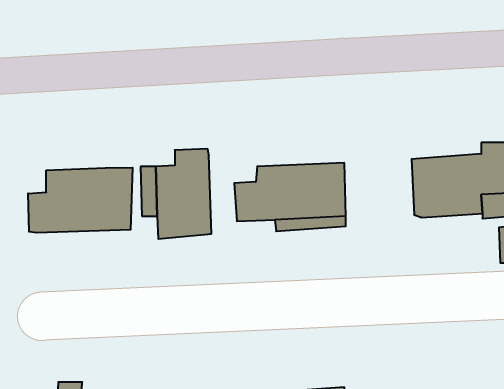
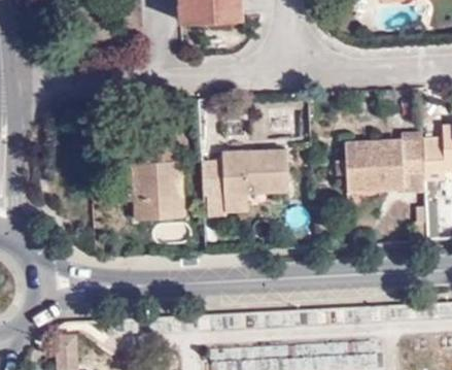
building: [28,168,133,233] -> none

